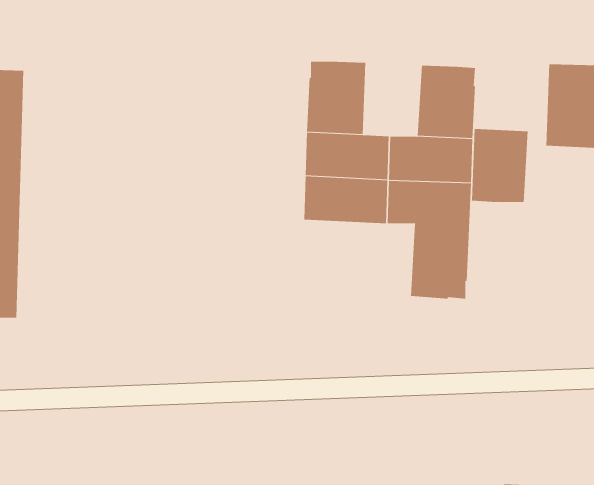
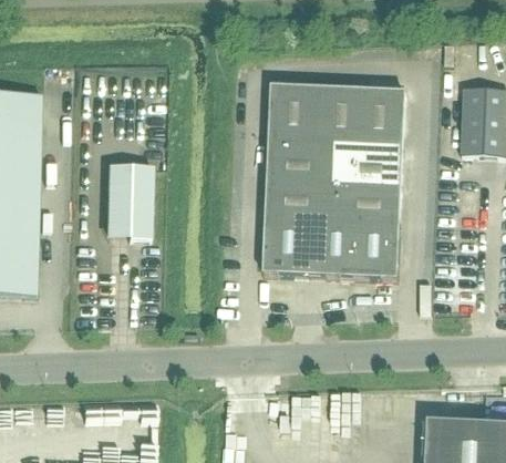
building: [471,128,529,202] -> [314,85,361,145]
building: none -> [106,164,152,237]
building: none -> [264,213,355,275]

